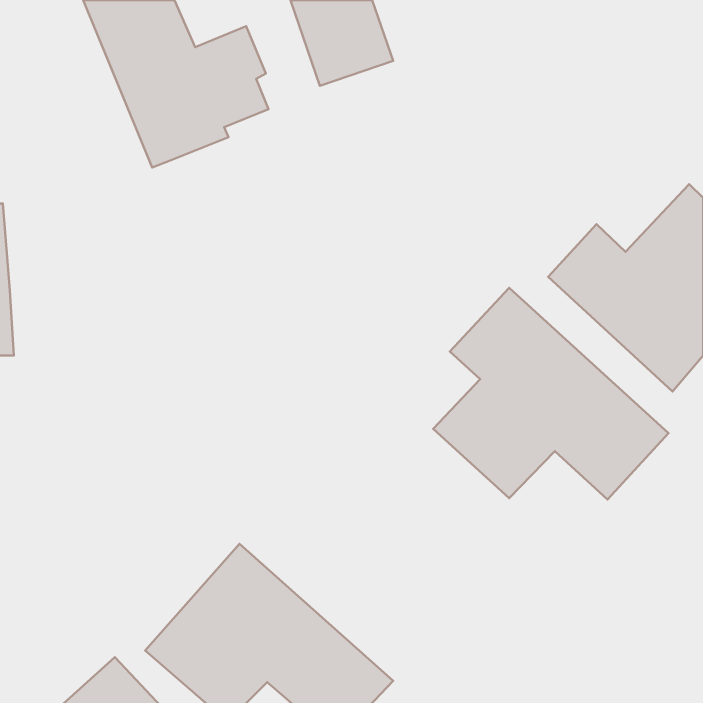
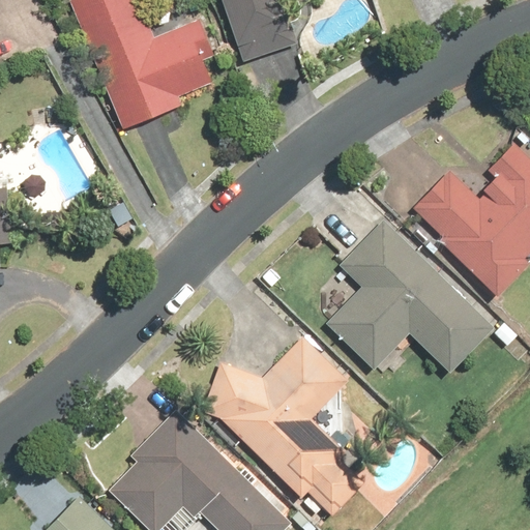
building: none -> [195,336,371,518]

